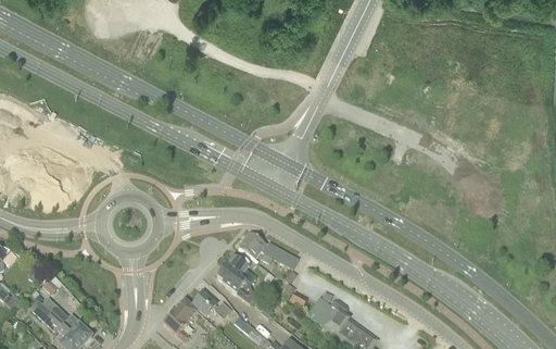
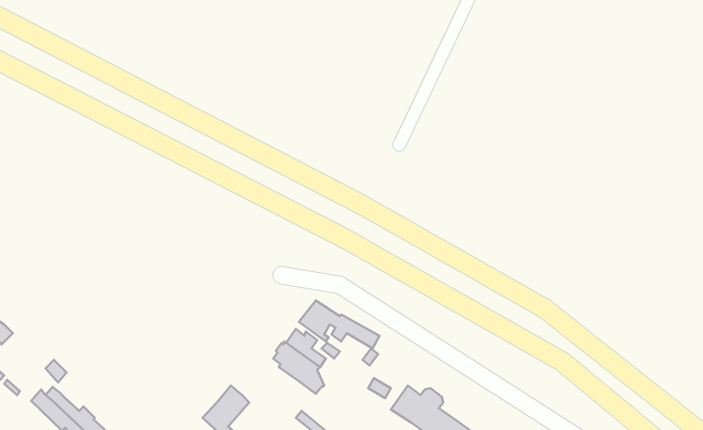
building: [192,291,231,319] -> none

